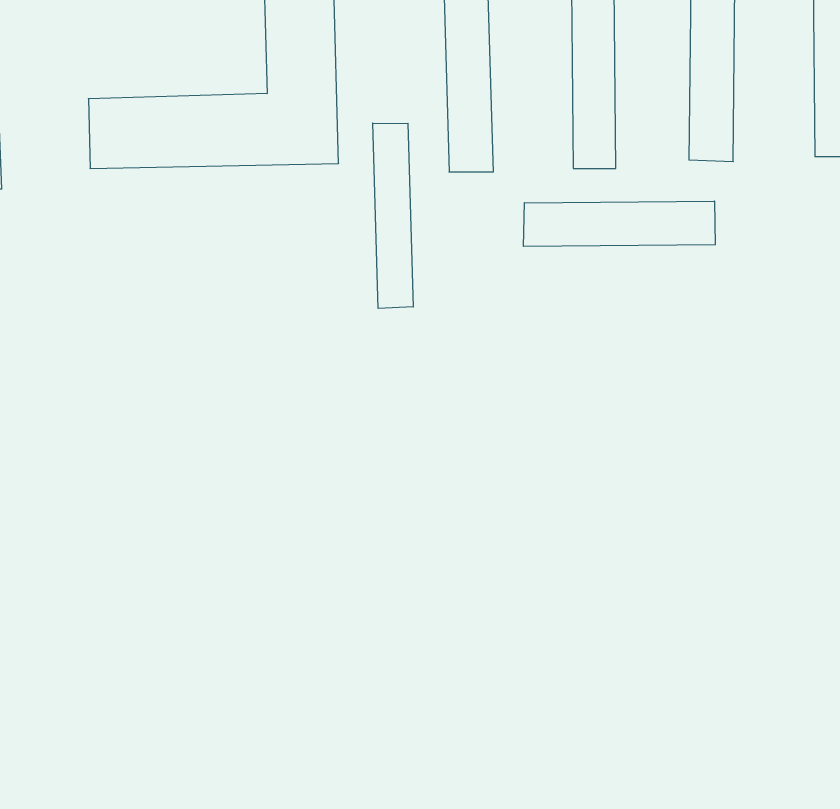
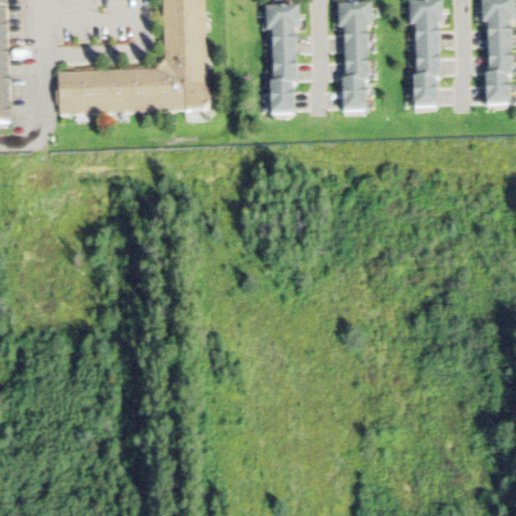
building: [373,123,413,308] -> none
building: [524,201,715,246] -> none

